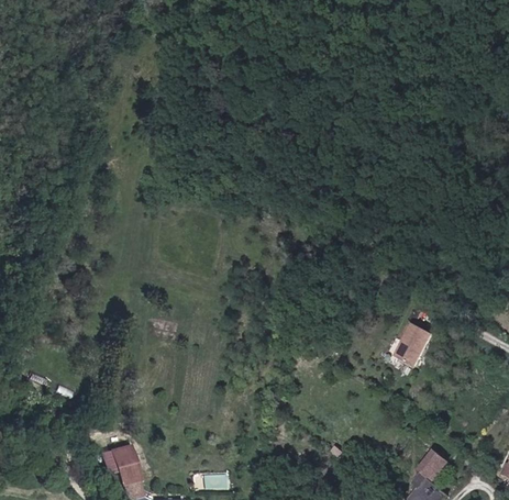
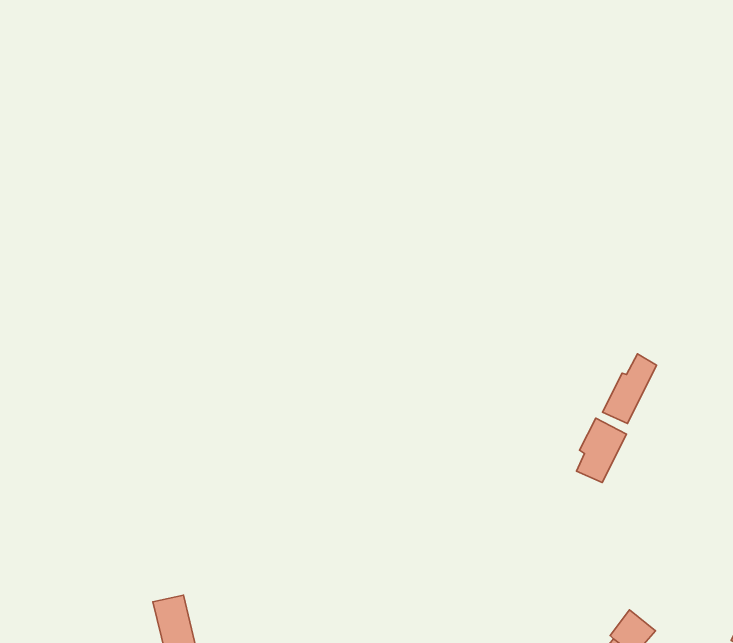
building: none -> [603,354,657,424]

